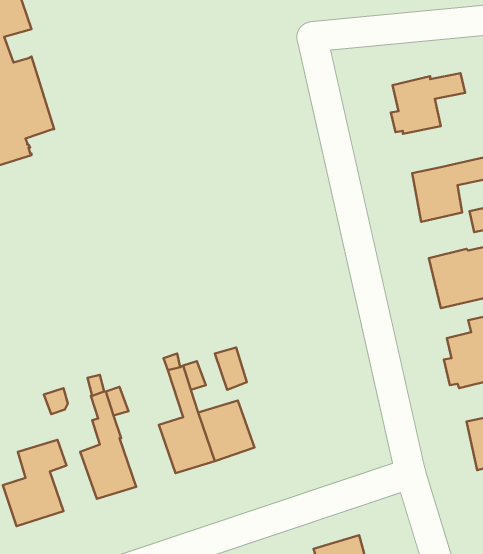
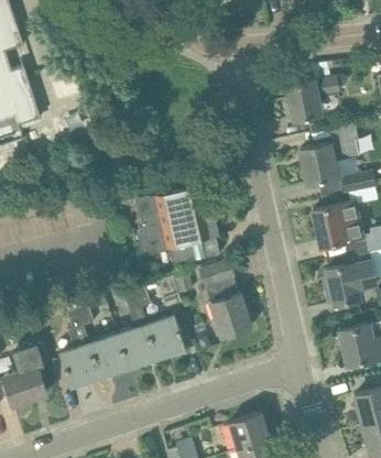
building: none -> [139,186,224,265]
building: none -> [199,260,250,338]
building: none -> [87,332,128,378]

